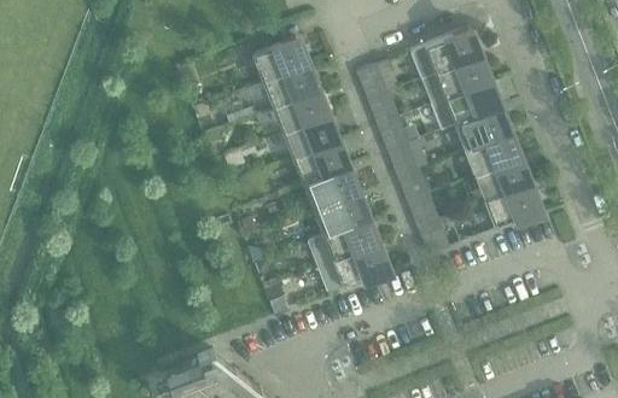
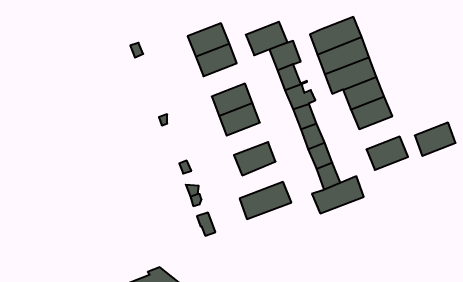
building: [274,90,328,134] -> [246,22,287,55]
building: [477,159,530,203] -> [415,123,456,156]
building: [304,168,358,210] -> none
building: [310,218,378,267] -> [312,176,364,213]

